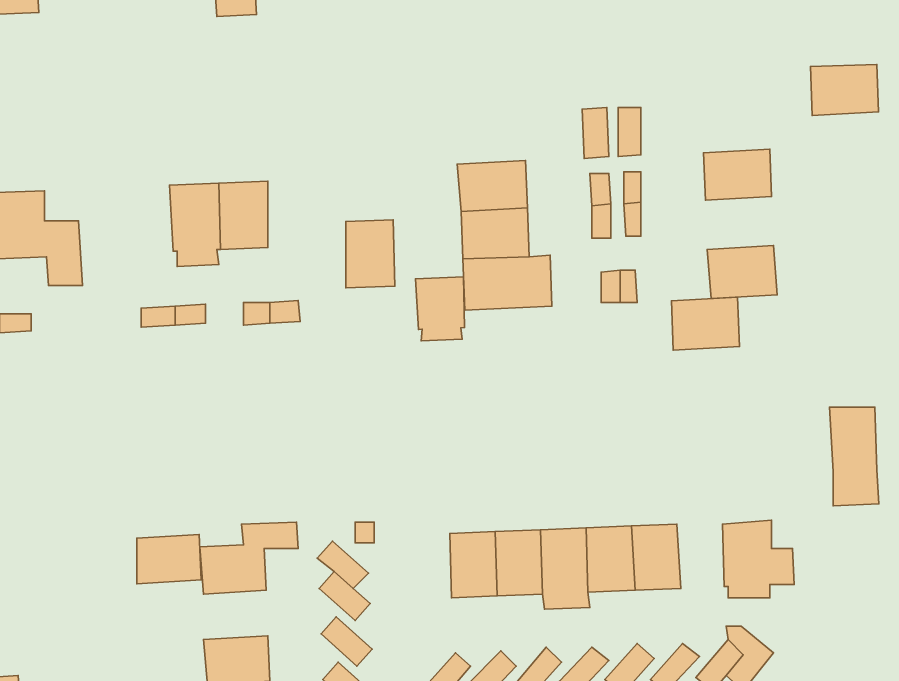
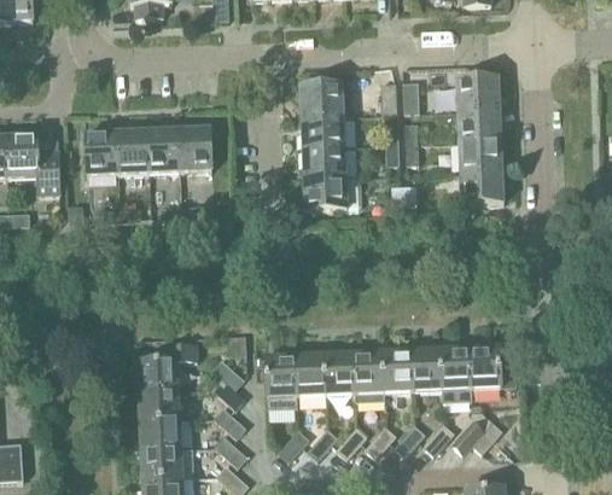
building: [810,64,879,116] -> [456,78,500,111]
building: none -> [299,85,344,118]
building: none -> [86,132,120,184]
building: [346,220,395,288] -> [180,128,211,171]
building: [416,277,465,341] -> none
building: [671,297,740,350] -> [459,139,502,173]
building: [829,407,879,506] -> [441,348,472,410]
building: none -> [266,354,298,408]
building: [137,535,201,584] -> [139,390,180,421]

